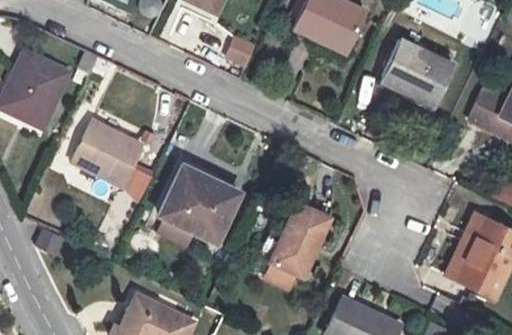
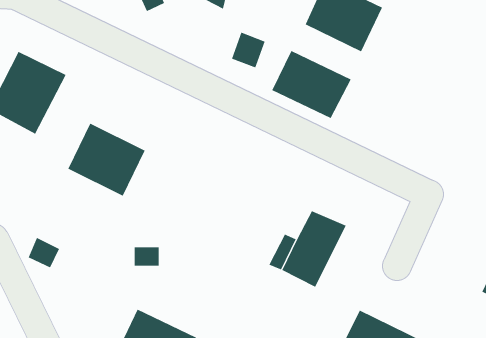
building: [380,40,452,105] -> none
building: none -> [271,50,351,119]
building: [157,166,237,243] -> none

